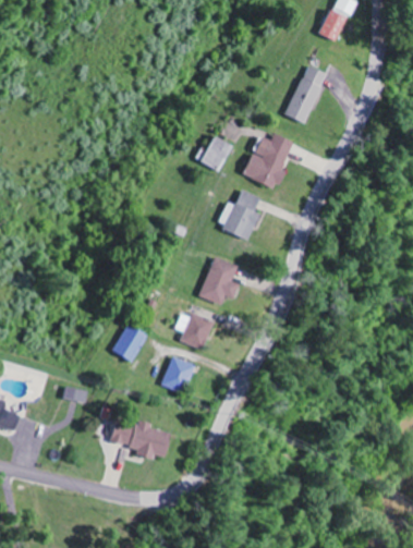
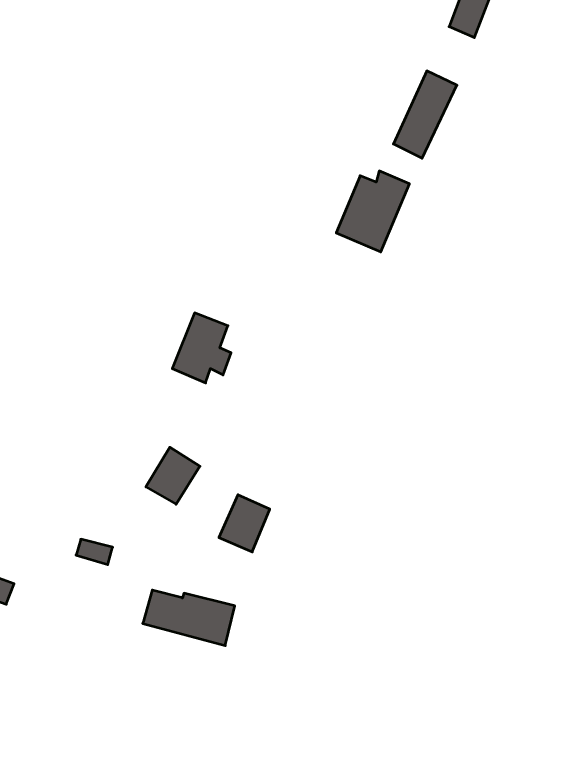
building: [198,135,230,171] -> none
building: [217,190,259,238] -> none
building: [198,257,239,305] -> [172,313,231,383]
building: [175,313,215,349] -> none

